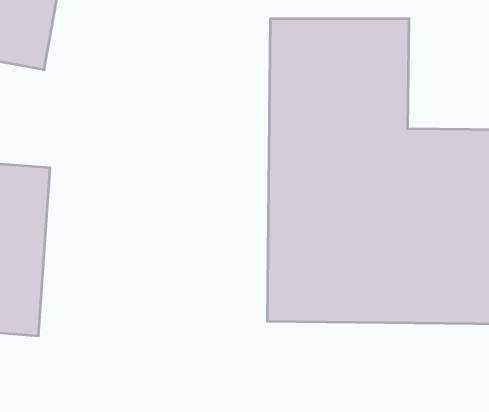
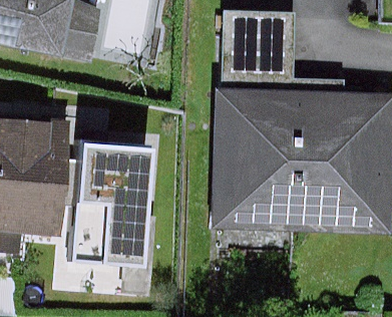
building: none -> [79,144,154,263]

